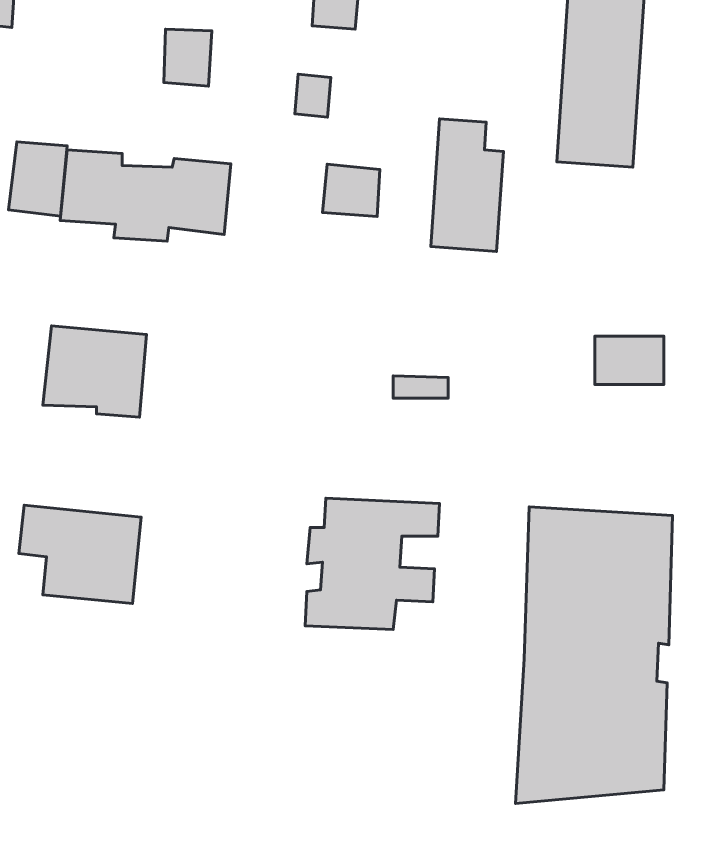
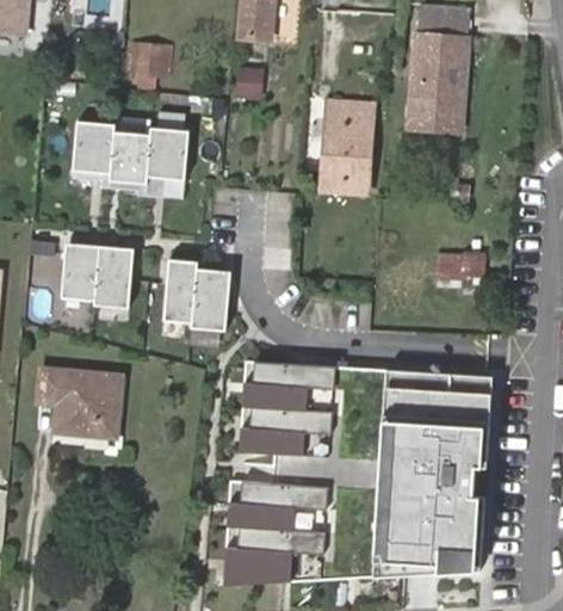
building: [9,142,67,216] -> none
building: [323,164,380,216] -> none
building: none -> [160,260,225,329]
building: none -> [221,481,323,584]

